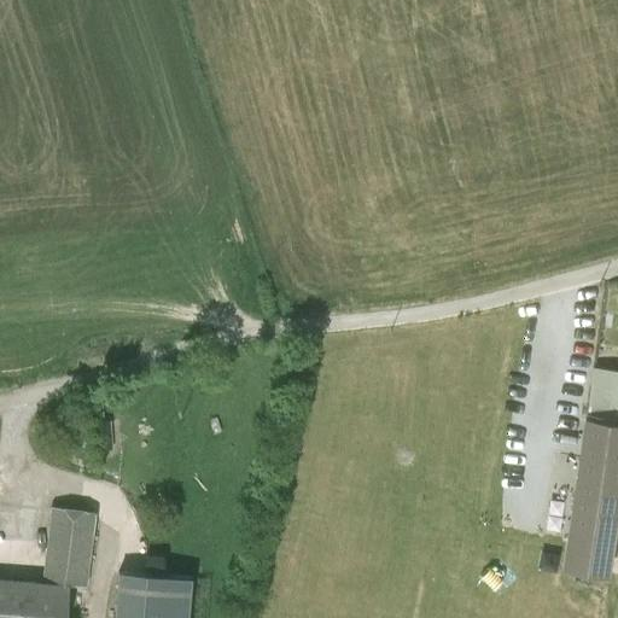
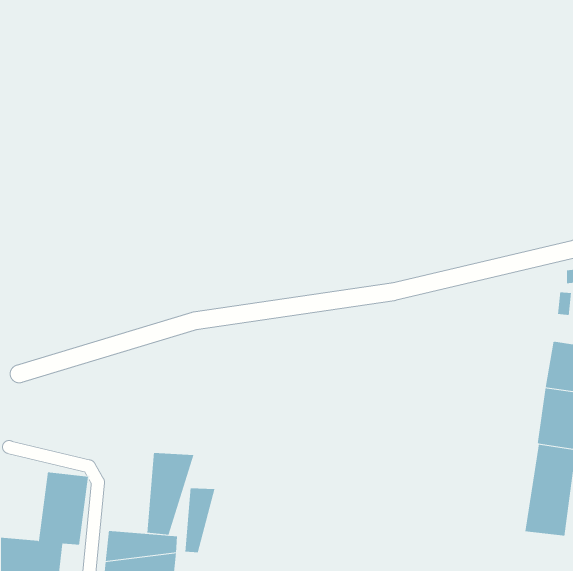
building: none -> [147,452,194,535]
building: none -> [185,487,215,553]

